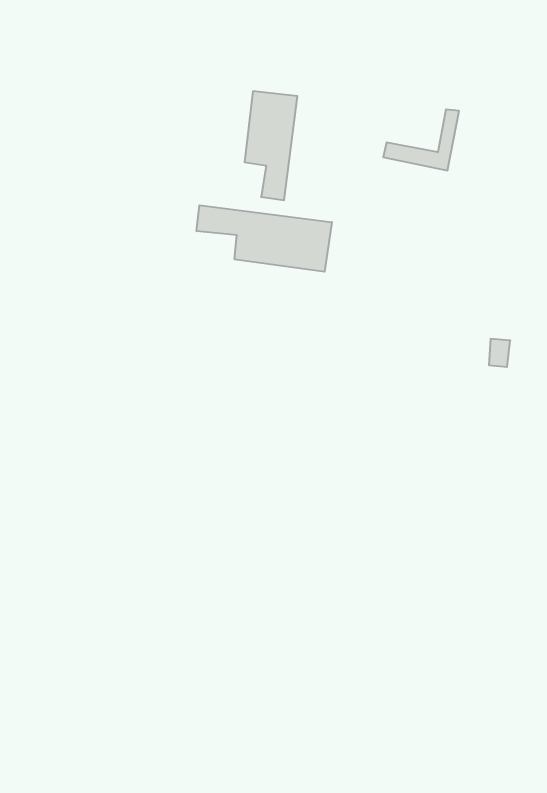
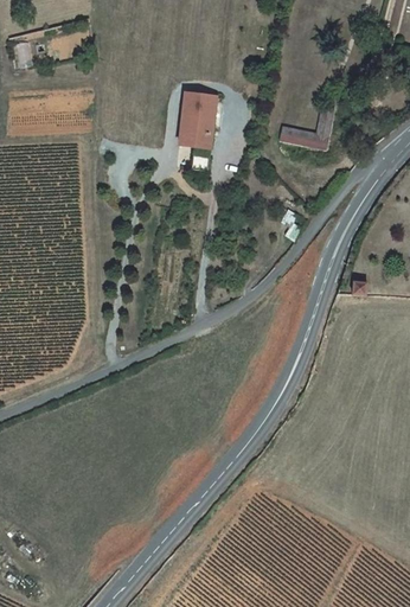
building: [197,205,332,272] -> none

